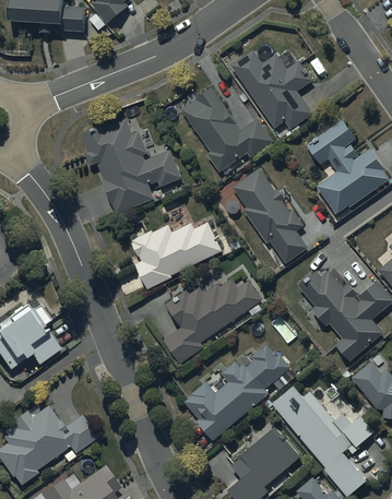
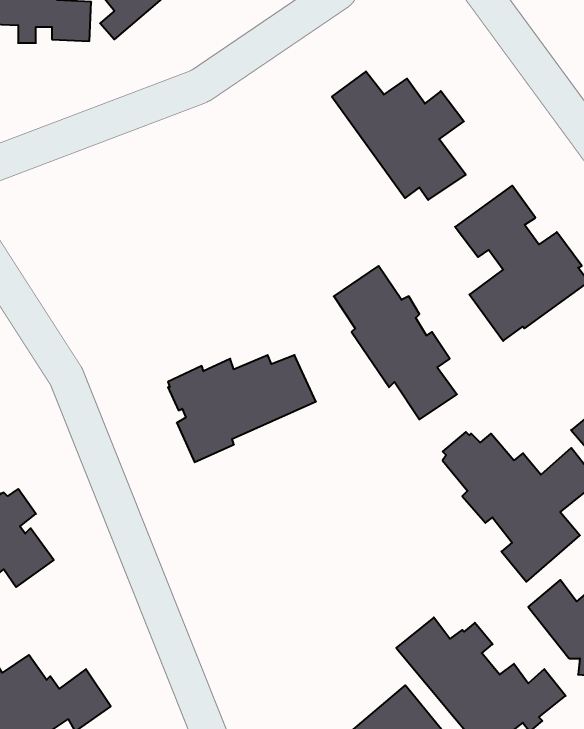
building: [181,87,273,170] -> none
building: [81,117,181,214] -> none
building: [164,278,262,365] -> none
building: [186,344,290,440] -> none

